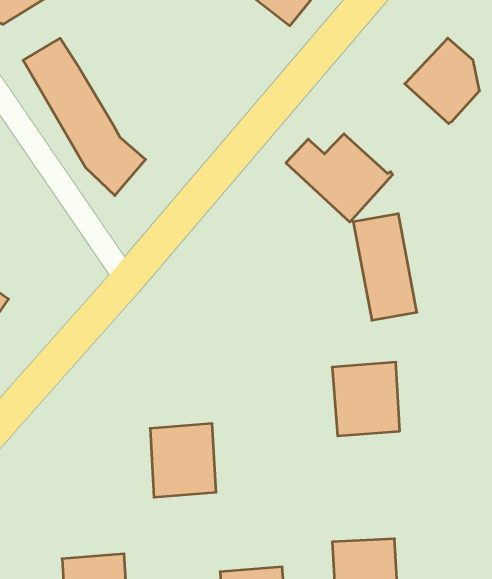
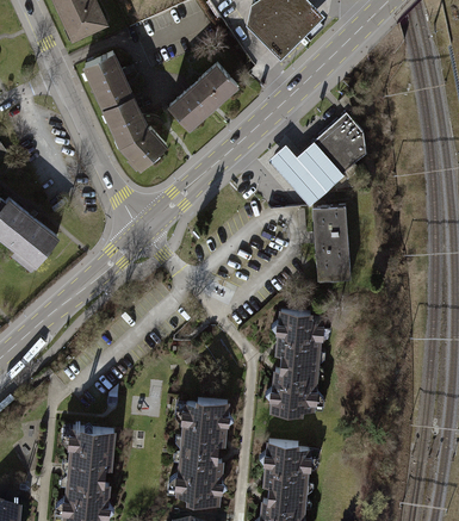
building: none -> [166,63,234,128]
building: [405,38,480,124] -> [309,113,362,175]
building: [150,424,216,497] -> [186,401,234,452]
building: none -> [279,361,327,414]

